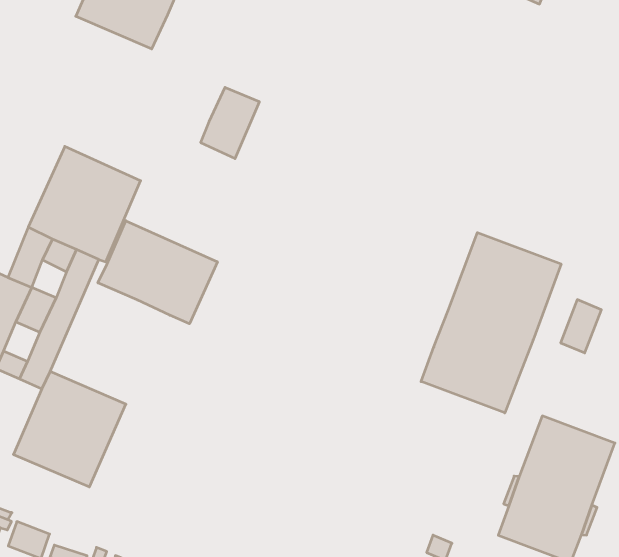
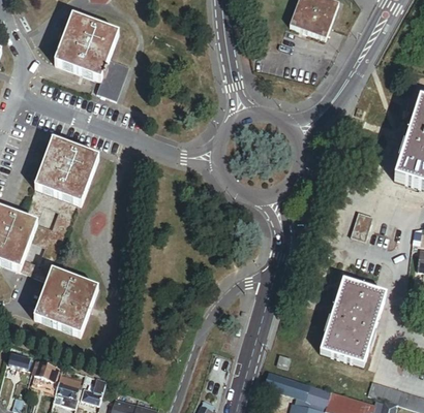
building: [201,87,259,159] -> [95,58,128,99]
building: [98,221,217,324] -> none
building: [421,233,561,413] -> none

